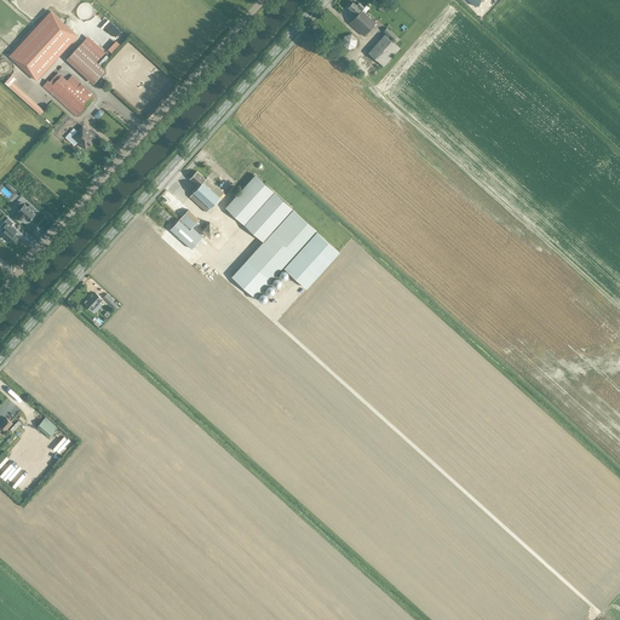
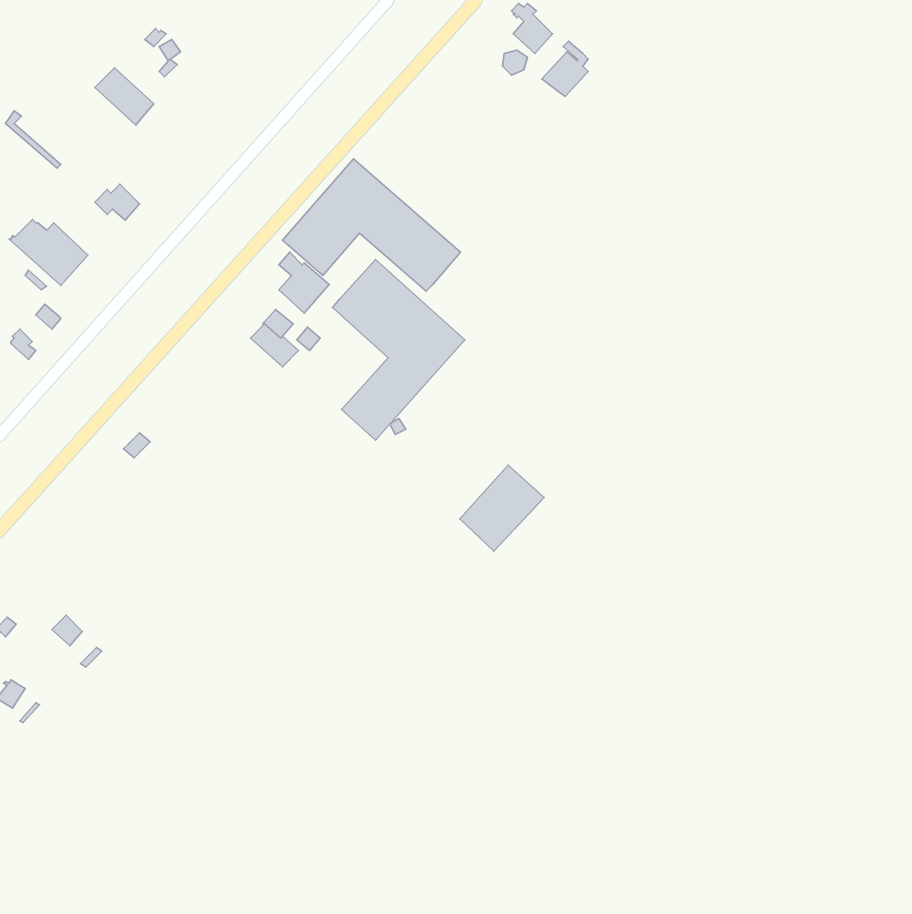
building: [8,10,78,80] -> none
building: [41,73,94,117] -> [9,219,88,286]
building: none -> [282,159,460,291]
building: [282,230,339,288] -> [460,465,544,551]

